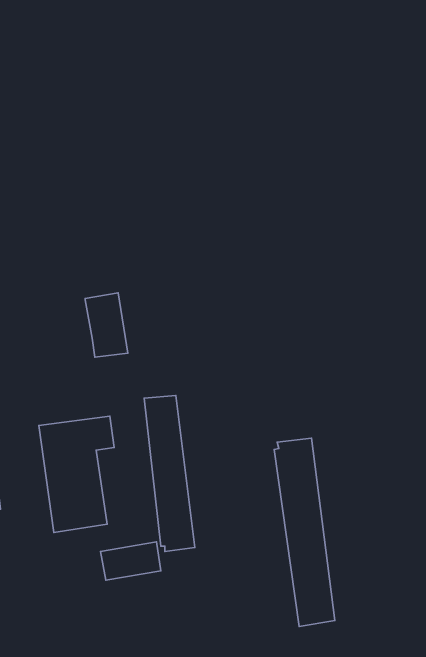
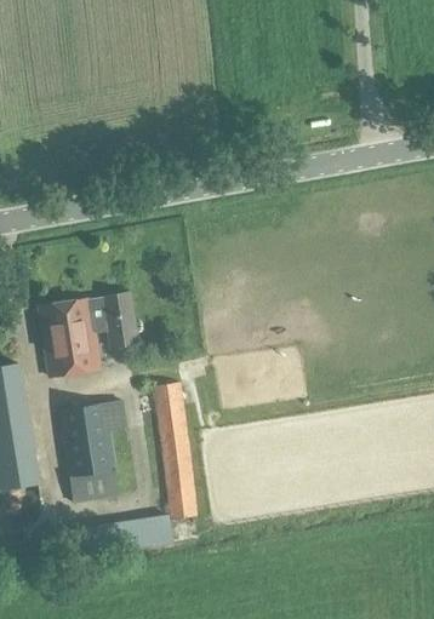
building: none -> [44,298,109,377]
building: [274,438,335,626] -> none

